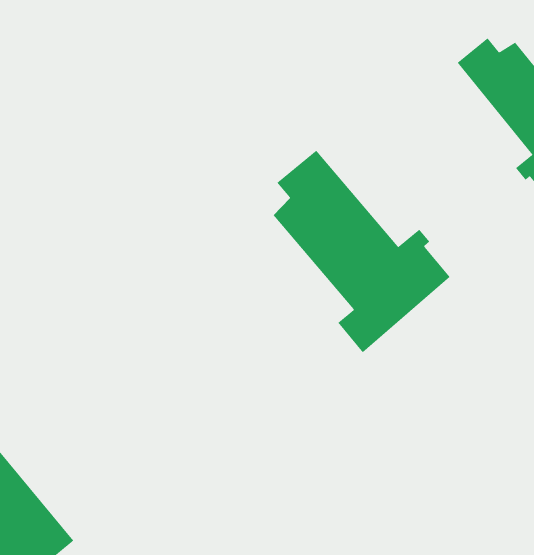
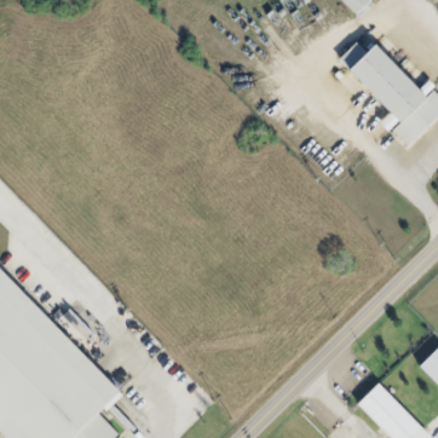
building: [273,150,450,353] -> none

